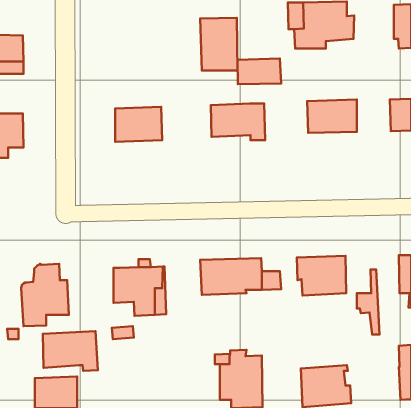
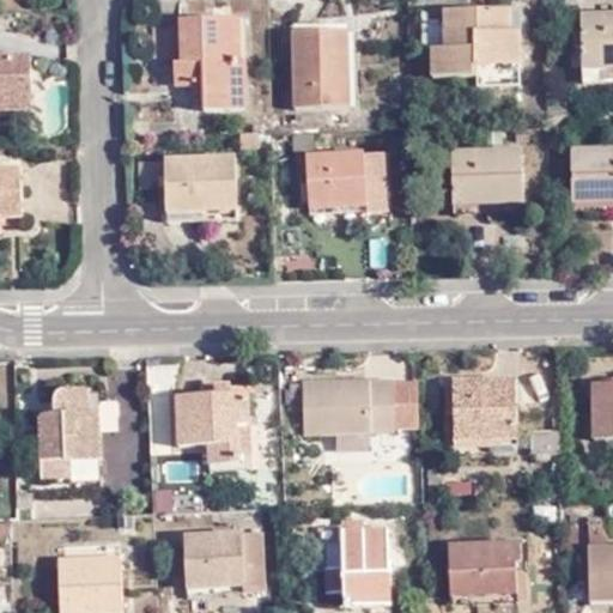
building: none -> [157,18,251,107]
building: [237,58,281,84] -> none
building: [43,331,98,371] -> [178,534,260,593]

